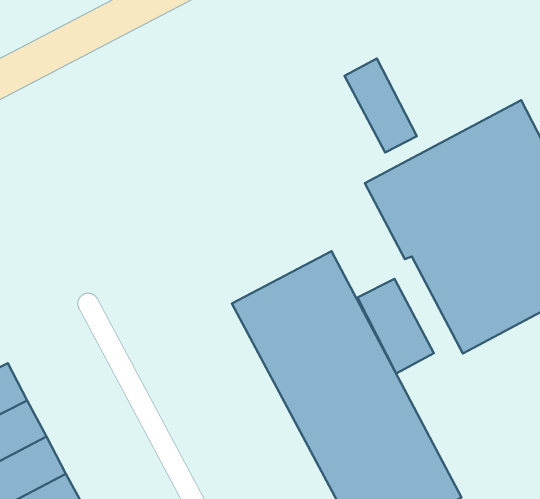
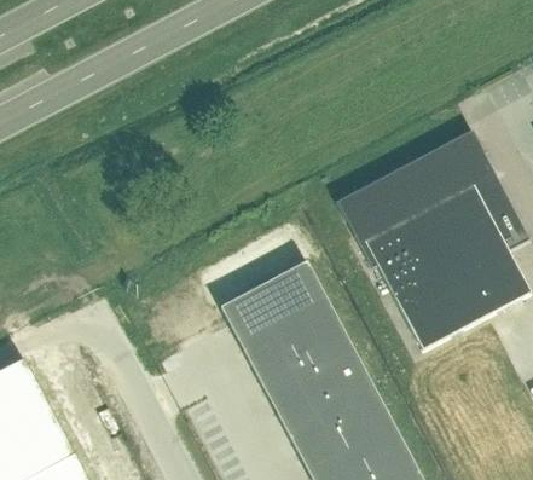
building: [344,58,417,152] -> none
building: [357,279,434,373] -> none

